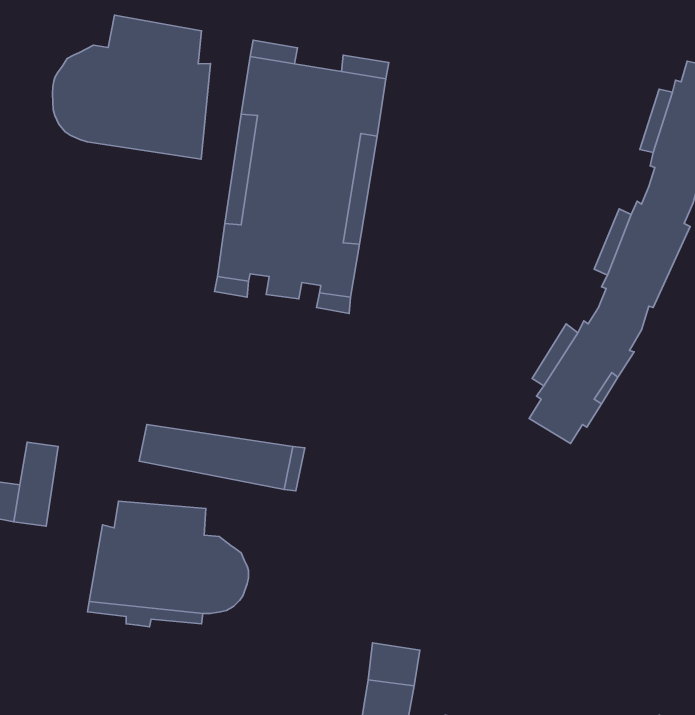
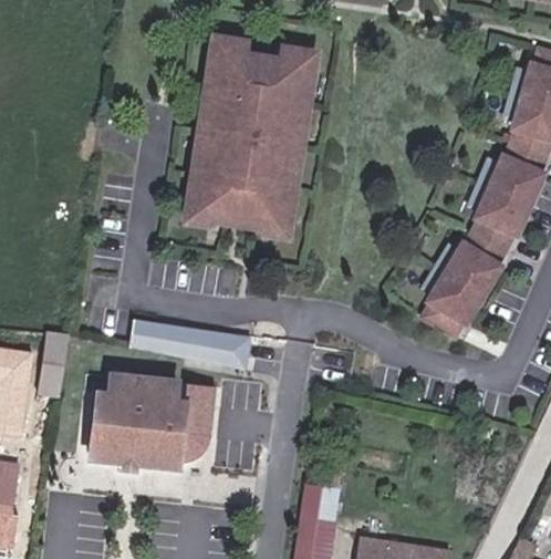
building: [52,15,211,159] -> none
building: none -> [179,383,220,435]

